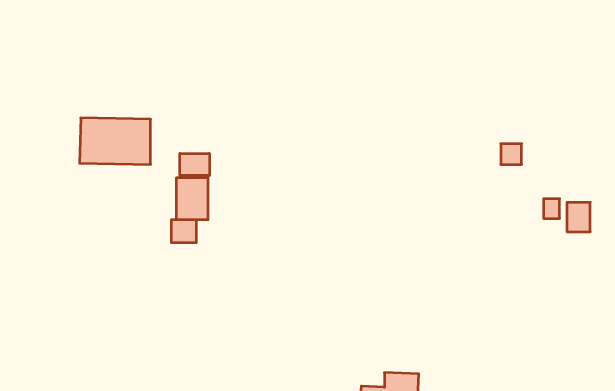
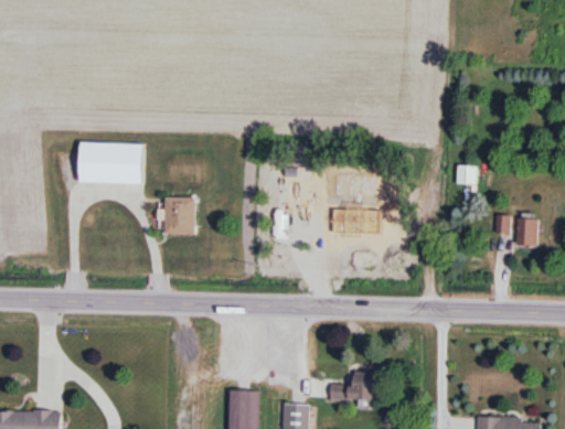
building: [180,153,209,176] -> none
building: [171,220,196,243] -> none

